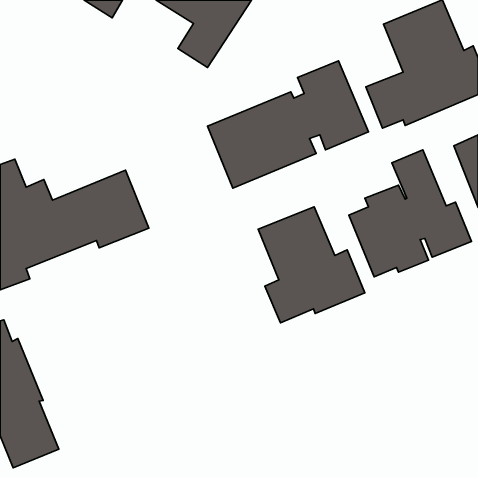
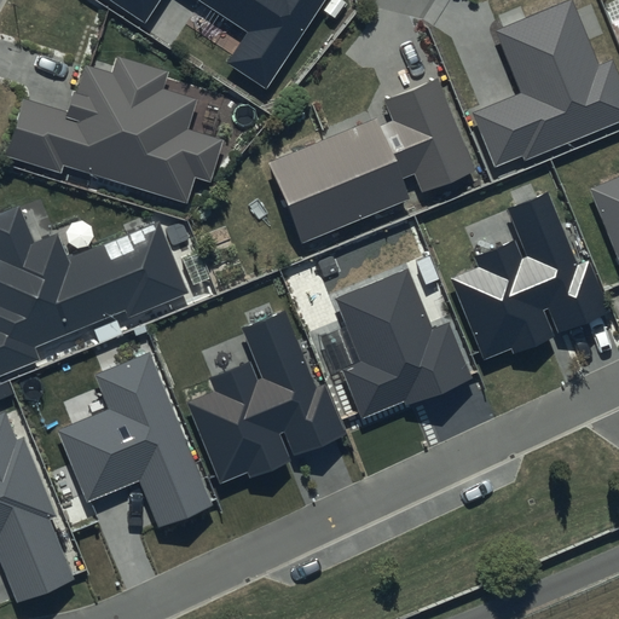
building: none -> [6,57,222,203]
building: none -> [187,312,346,482]
building: none -> [57,353,213,527]

